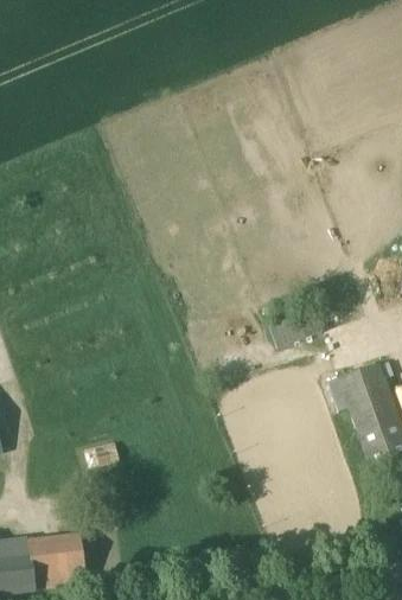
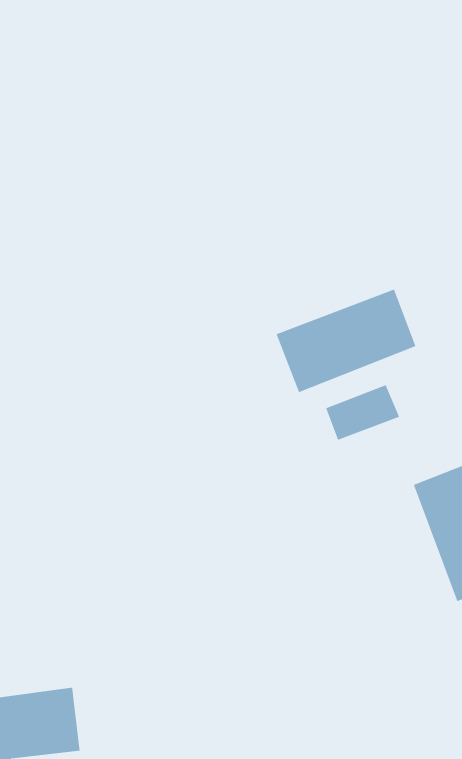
building: none -> [276,288,416,393]

